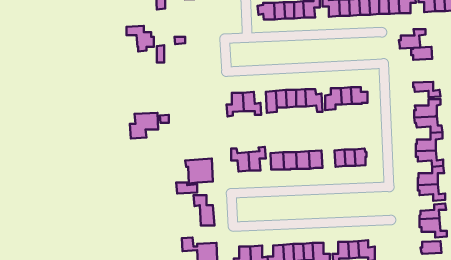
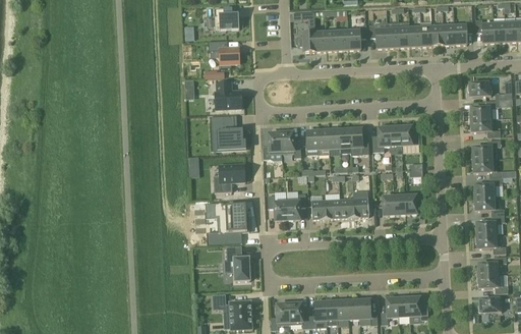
building: [126,26,154,52] -> [209,40,239,68]
building: [399,29,425,48] -> [469,100,499,121]
building: none -> [215,81,241,109]
building: none -> [212,115,244,148]
building: [130,113,158,139] -> [214,163,245,191]

